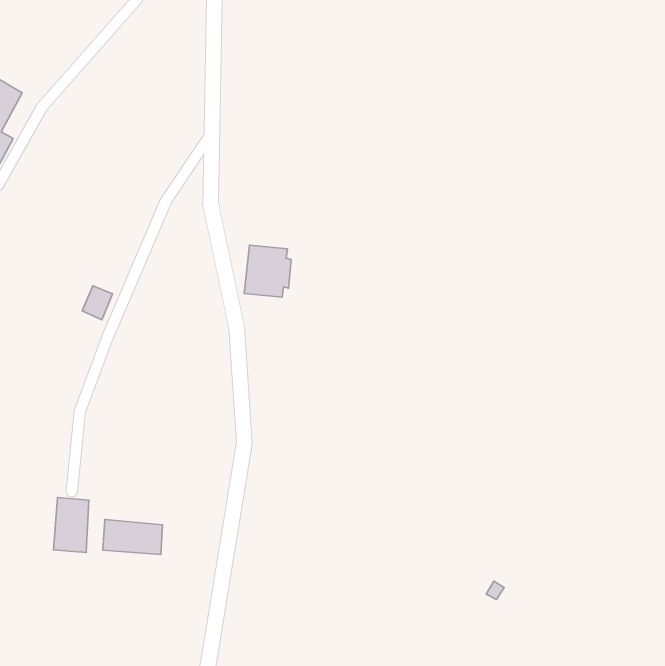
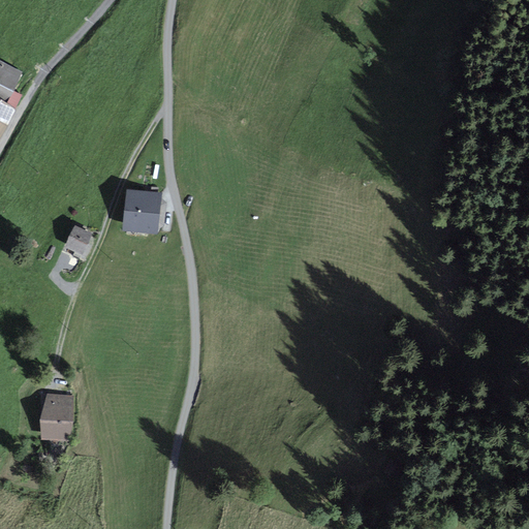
building: [244,245,291,297] -> [124,190,161,231]
building: [103,519,163,554] -> none

